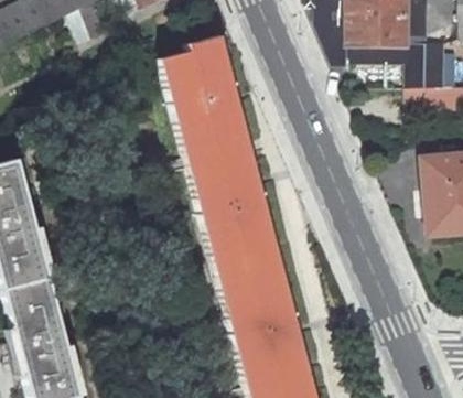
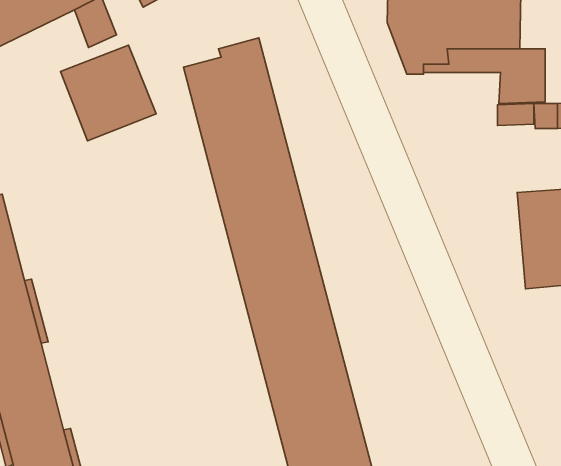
building: none -> [61,45,156,141]

